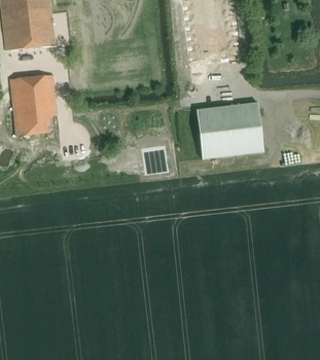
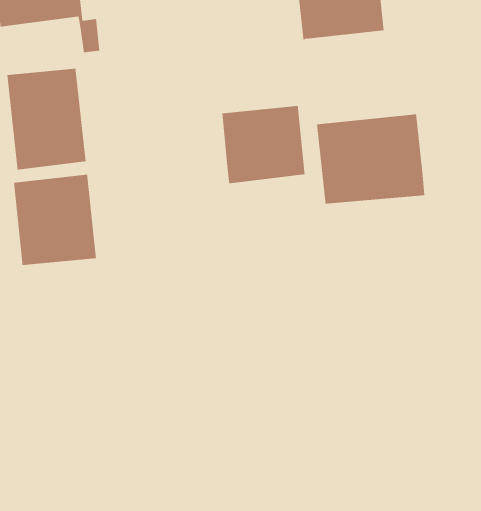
building: none -> [222,105,305,184]
building: none -> [14,174,97,266]

